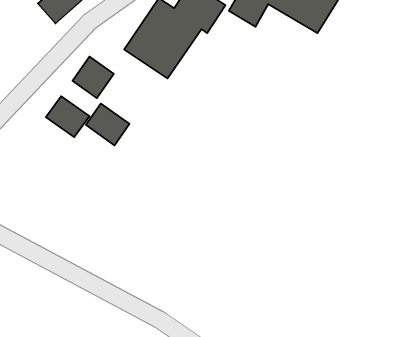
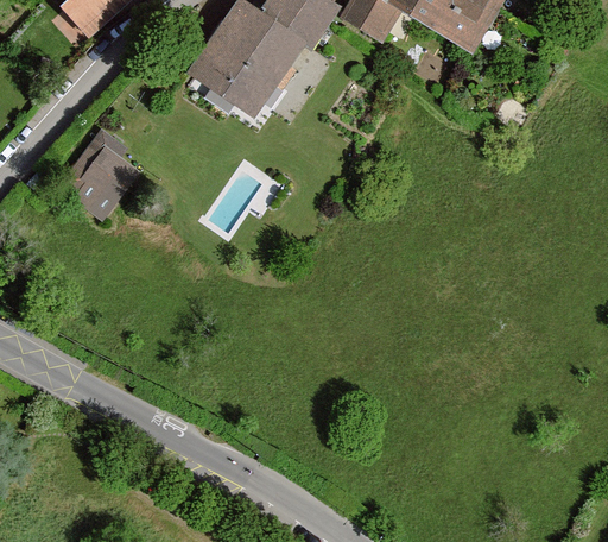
building: [73,57,114,98] -> none
building: [86,103,130,145] -> none

